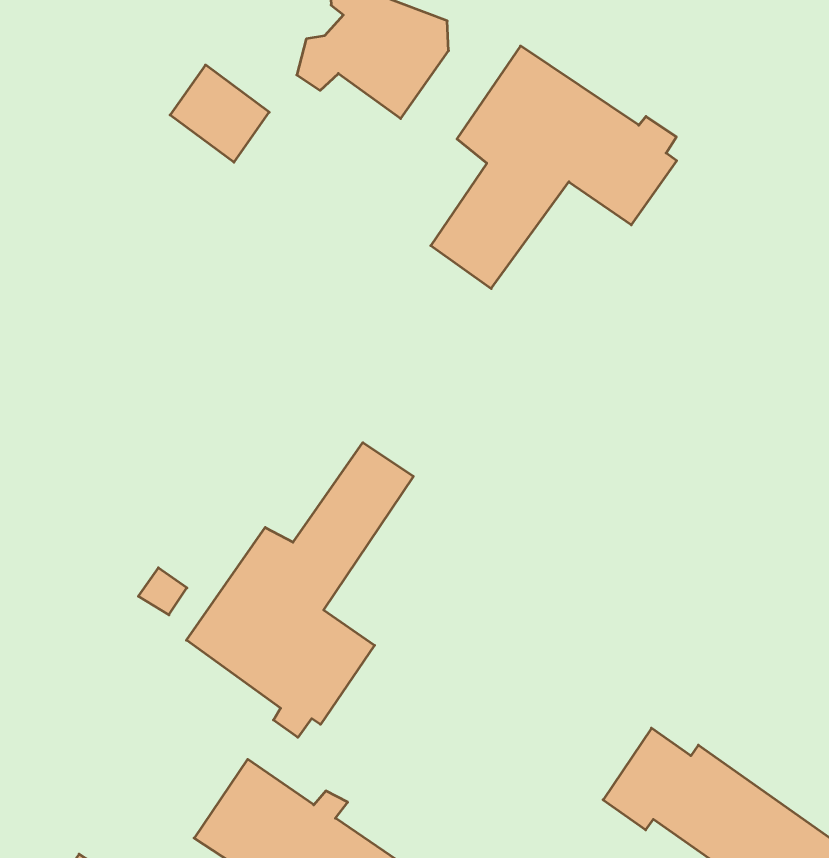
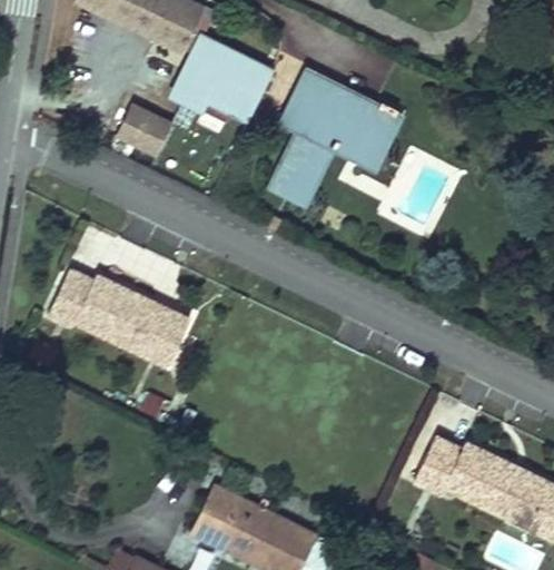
building: none -> [49,266,192,365]
building: [186,443,413,737] -> none

